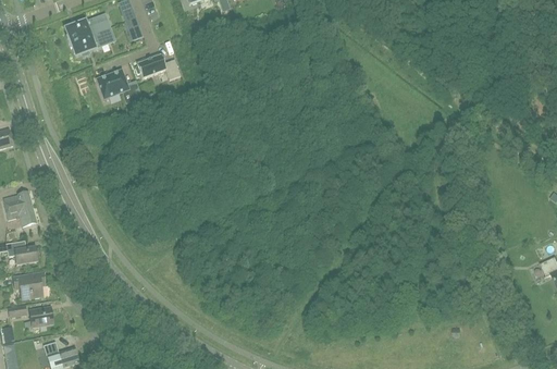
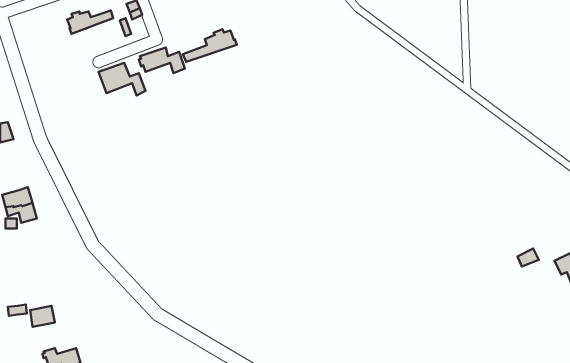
building: [71,25,114,54] -> none
building: none -> [183,29,237,62]
building: [7,239,38,262] -> none
building: [14,270,46,298] -> none

